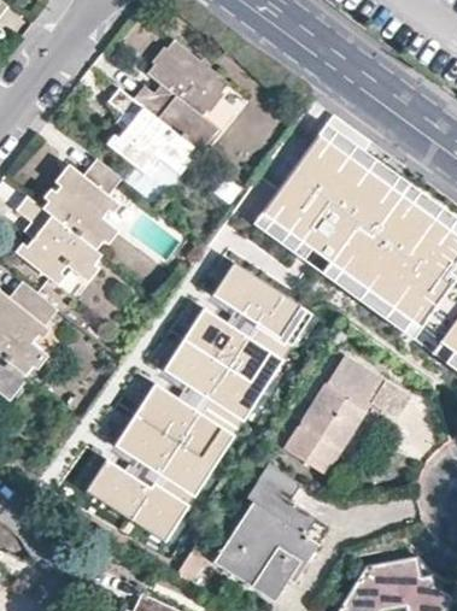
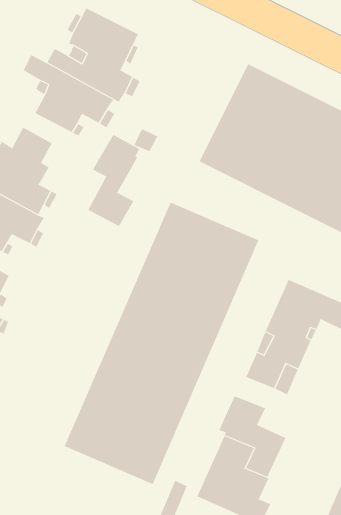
building: none -> [88,134,140,227]

